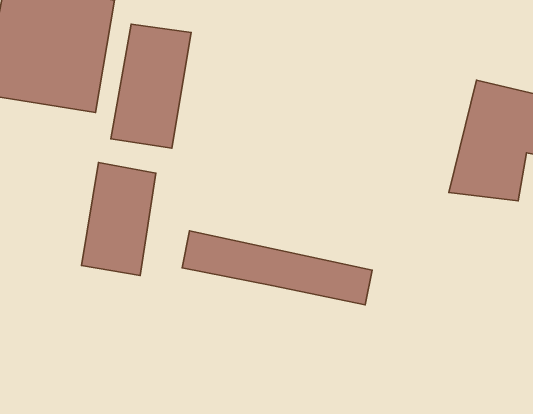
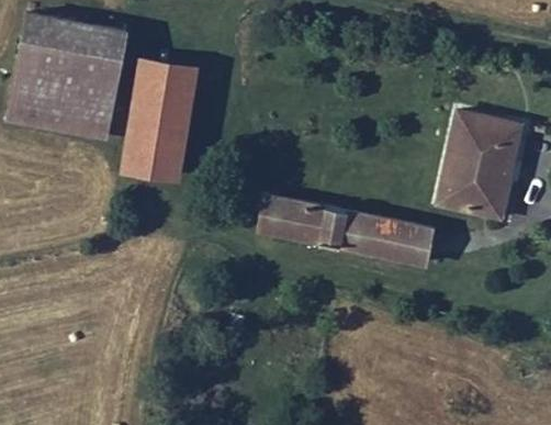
building: [81,162,156,276] -> none
building: [182,231,372,305] -> [258,195,432,264]

